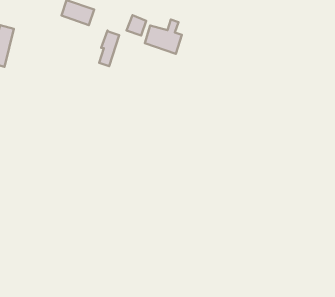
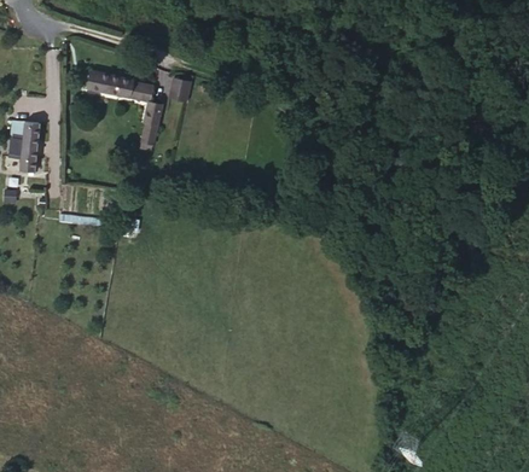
building: none -> [124,78,155,104]
building: [145,20,182,54] -> none

